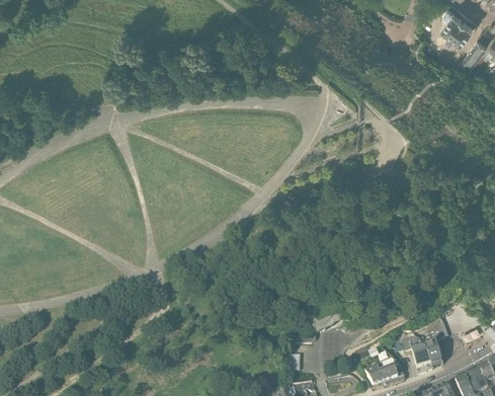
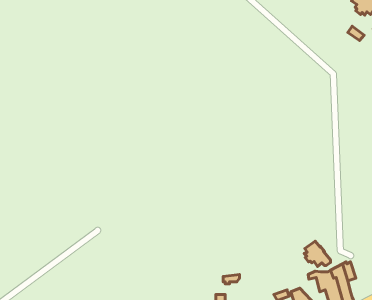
building: none -> [304,241,331,267]

